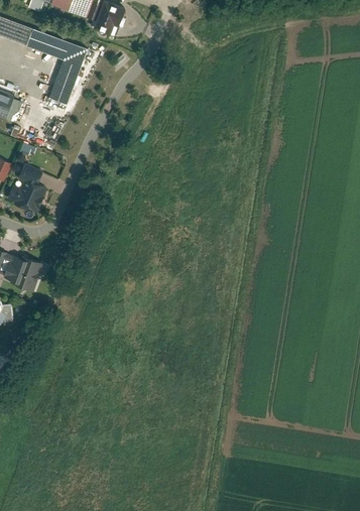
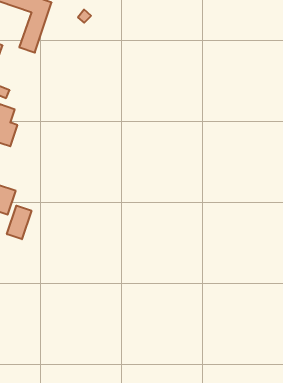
building: none -> [7,206,31,239]

